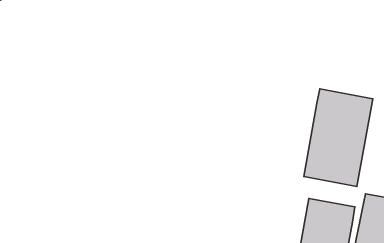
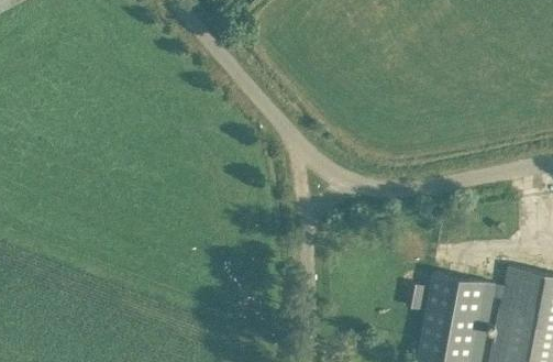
building: [304,89,373,186] -> none

